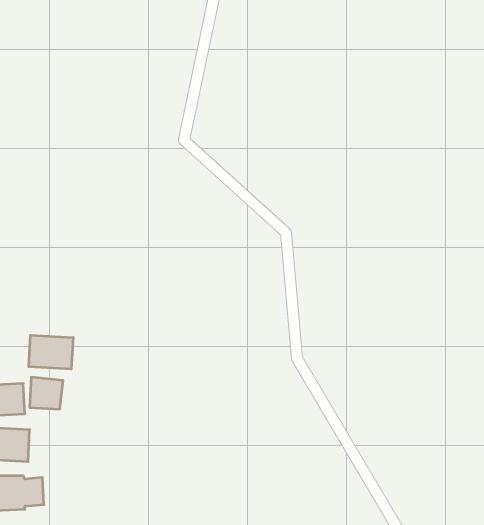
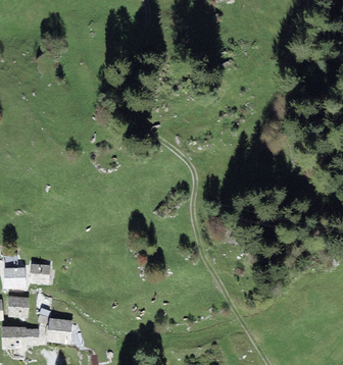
building: [29,335,73,369] -> none
building: none -> [45,317,71,344]

